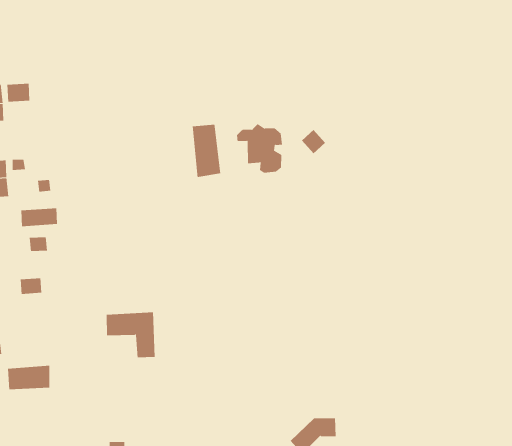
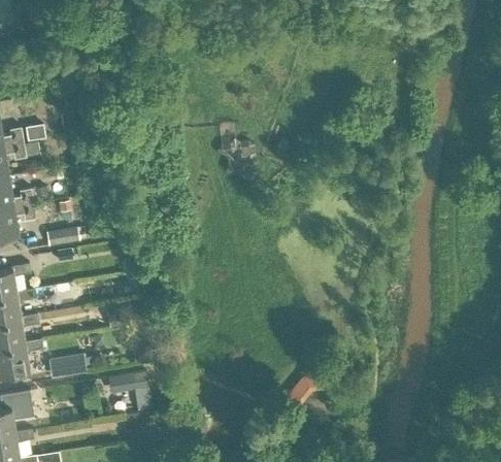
building: [192,124,221,178] -> none
building: [106,312,156,358] -> [107,371,152,410]

